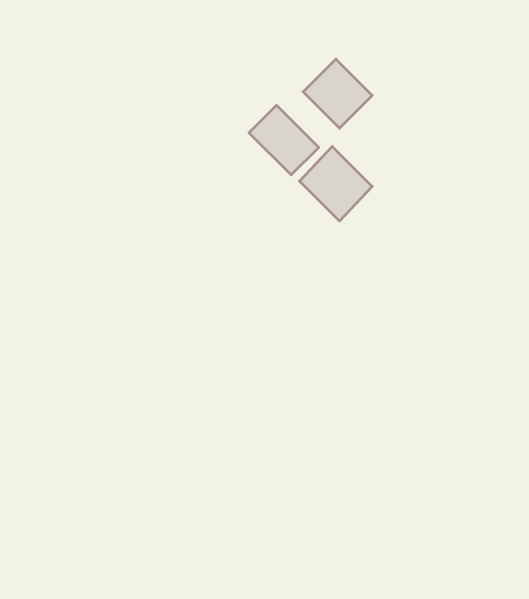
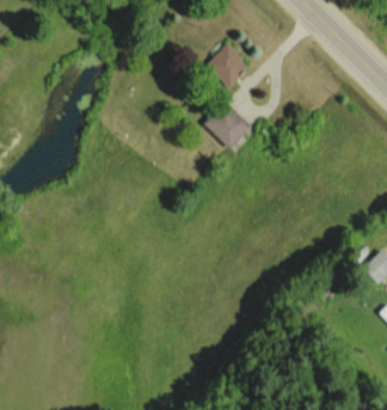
building: [249,105,319,175] -> none

